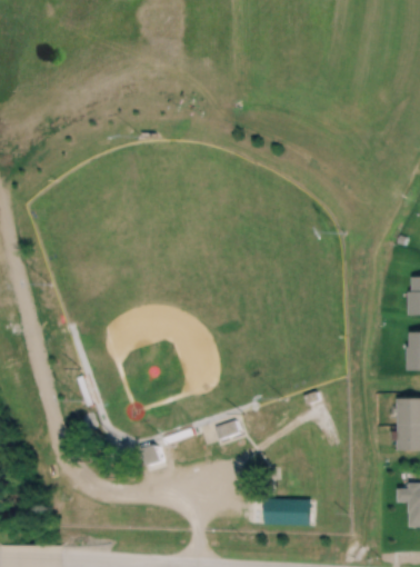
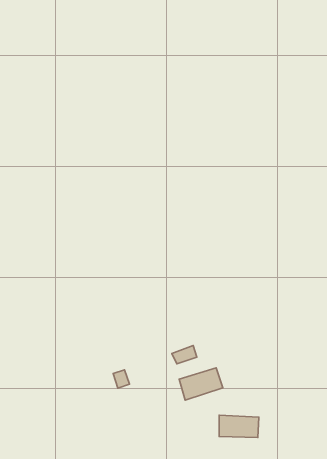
building: none -> [179,368,223,400]

